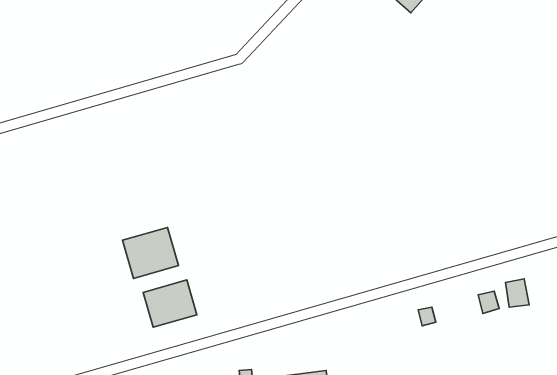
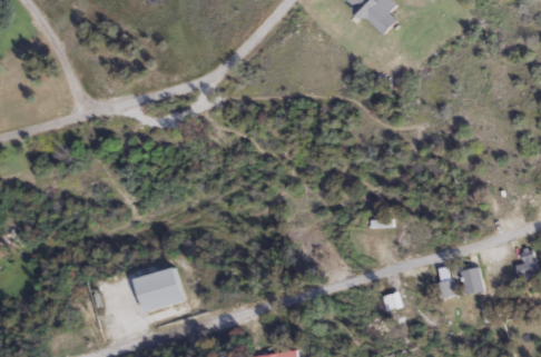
building: [123,227,179,278] -> none

